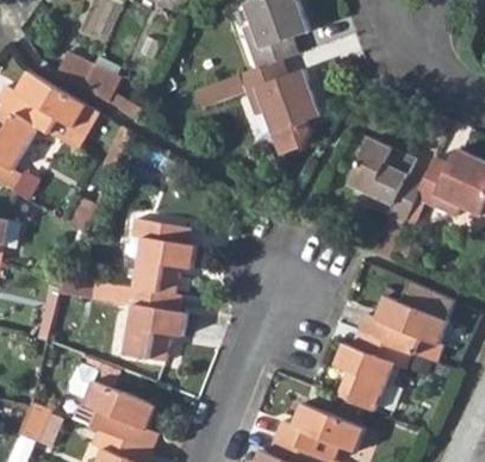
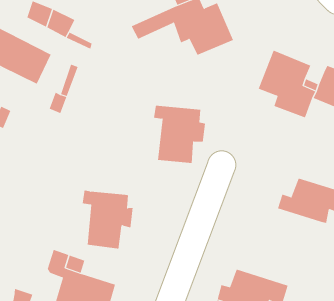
building: [130,223,194,298] -> [153,105,206,163]
building: [337,329,410,408] -> none

